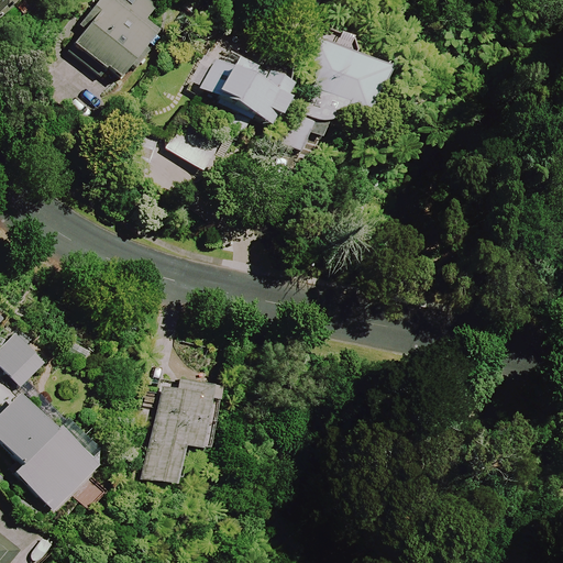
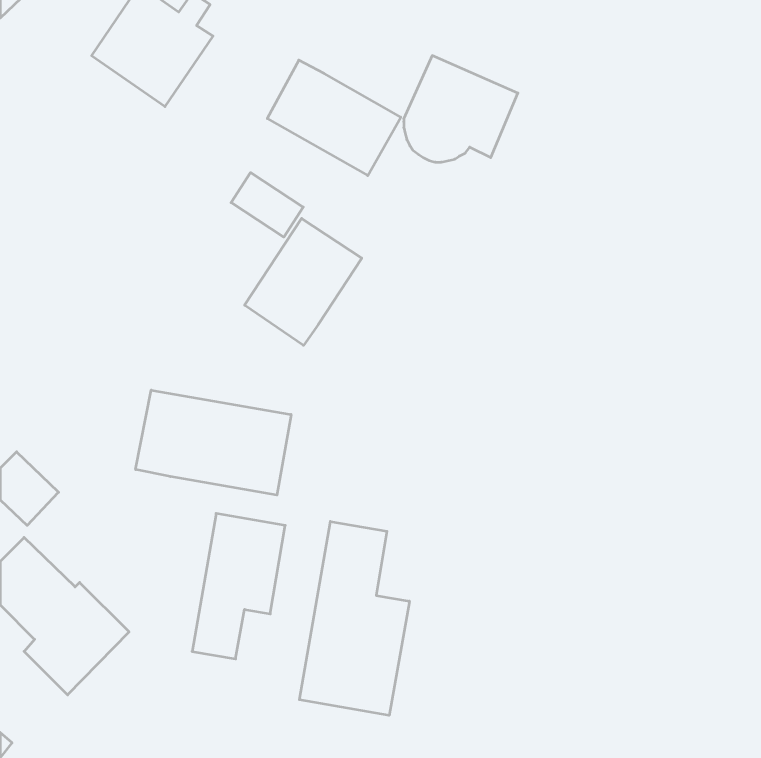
building: none -> [245,218,362,345]
building: none -> [136,390,291,495]
building: none -> [299,521,409,715]

